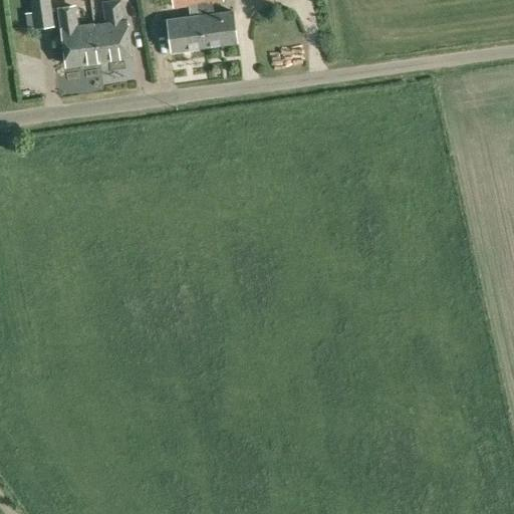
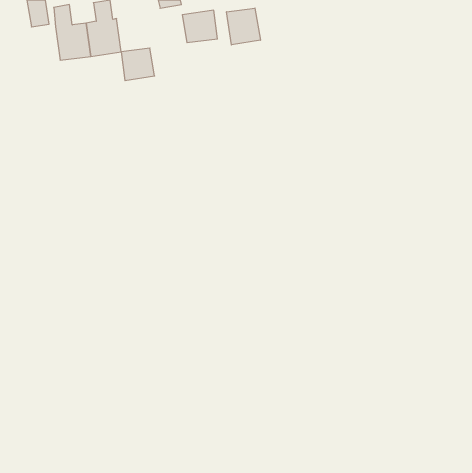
building: none -> [227,8,260,45]
building: [167,16,203,51] -> [121,48,155,81]

